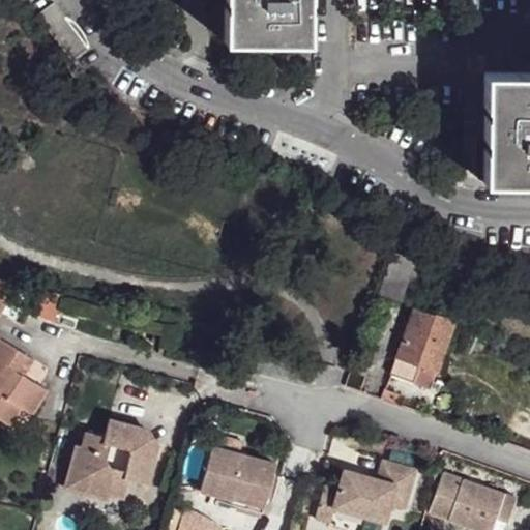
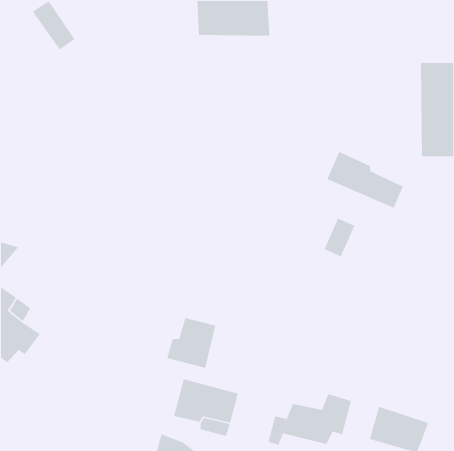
building: none -> [326,151,404,209]
building: [391,312,450,387] -> none
building: none -> [166,317,216,369]
building: [71,435,158,499] -> none

